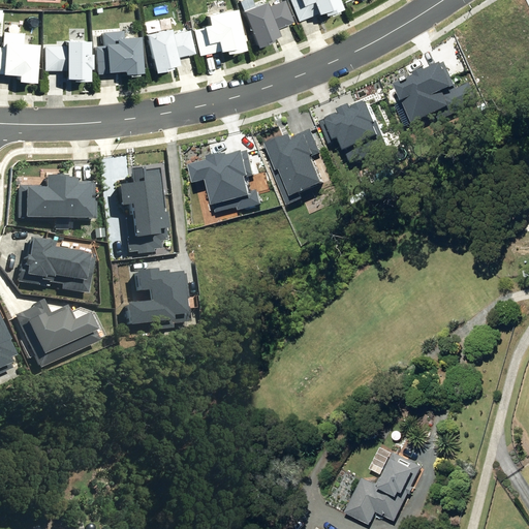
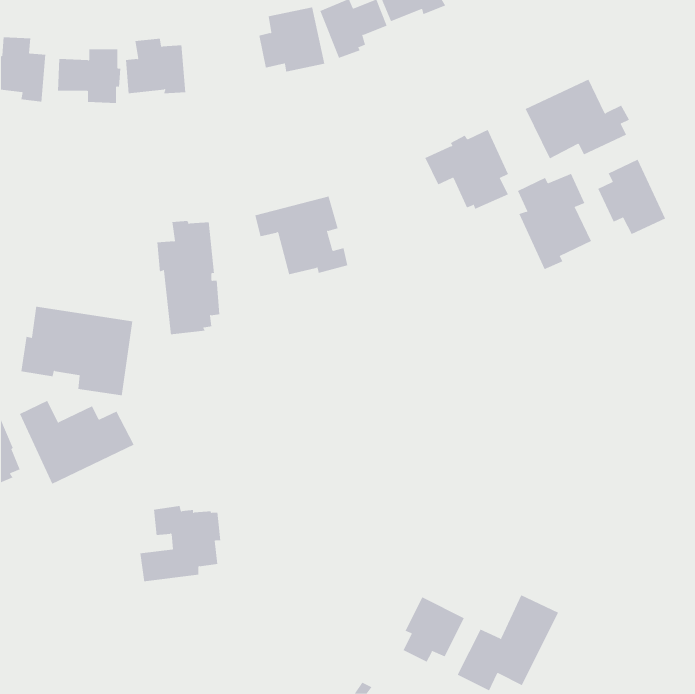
building: [145,26,195,70] -> none
building: none -> [597,159,666,235]
building: [271,128,328,201] -> [517,173,592,270]
building: [21,172,89,217] -> none
building: [125,269,187,326] -> [139,506,221,582]
building: none -> [403,596,464,662]

